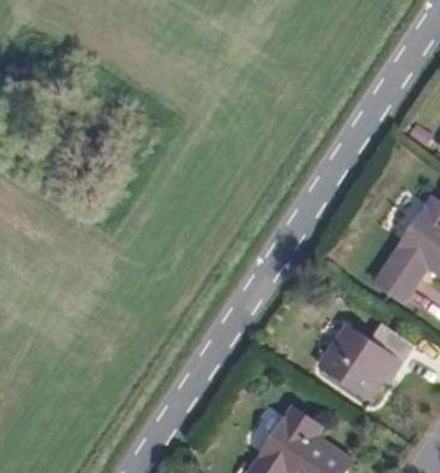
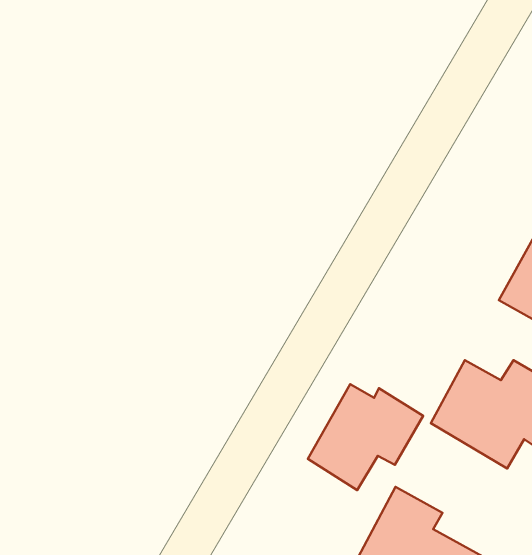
building: none -> [308,384,423,490]

